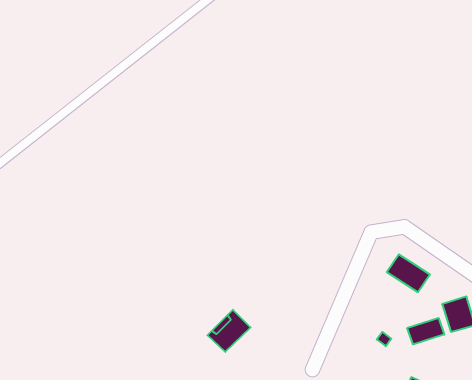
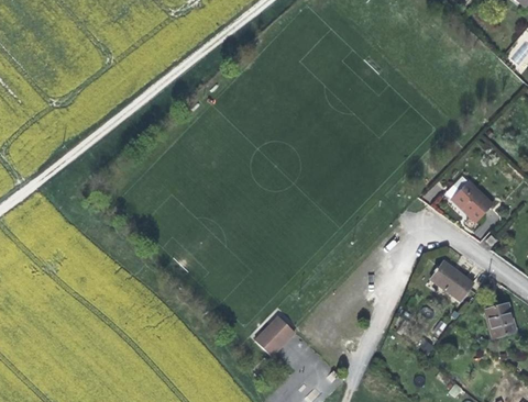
building: none -> [452,176,491,223]
building: [407,318,444,344] -> none

